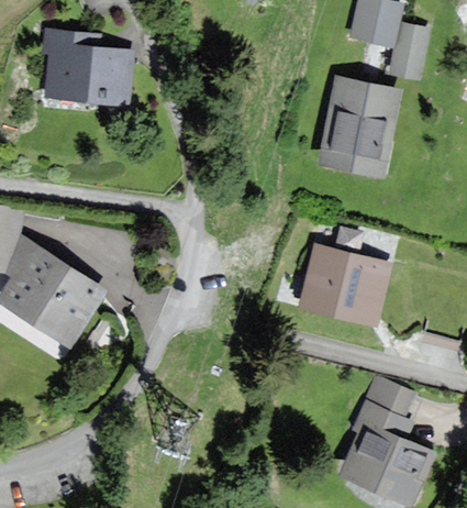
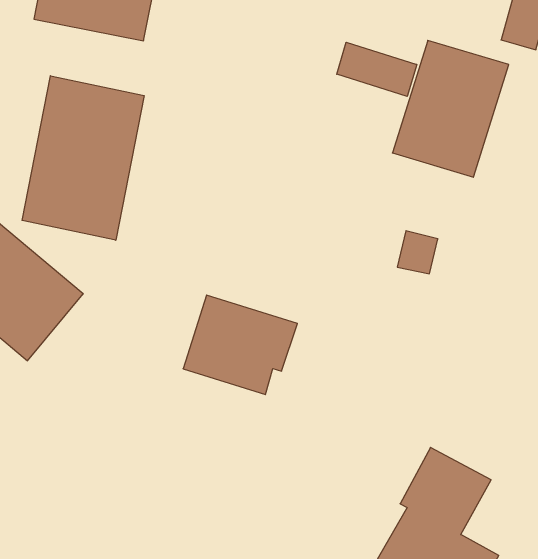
building: none -> [337,42,417,96]
building: none -> [22,76,144,240]
building: [303,253,383,321] -> [183,295,297,395]

